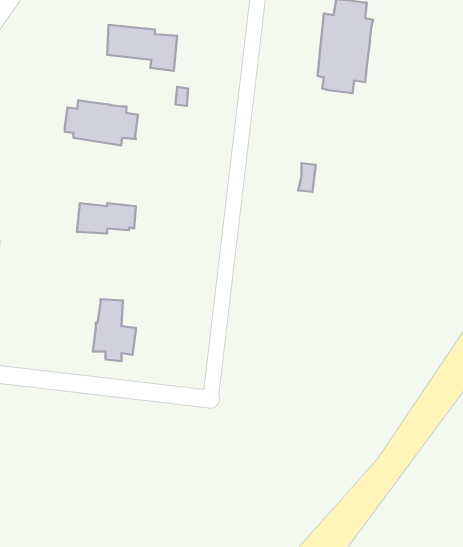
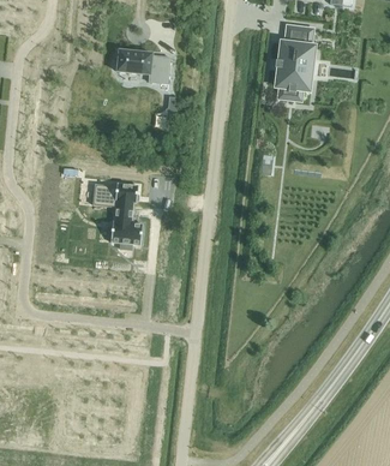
building: [65,100,138,146] -> none
building: [93,299,136,361] -> [109,203,142,250]

